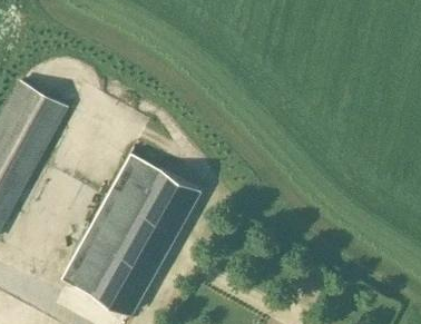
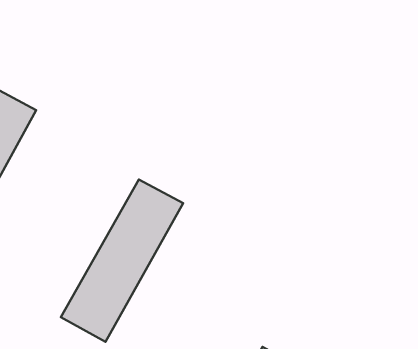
building: [60,153,158,292] -> none

